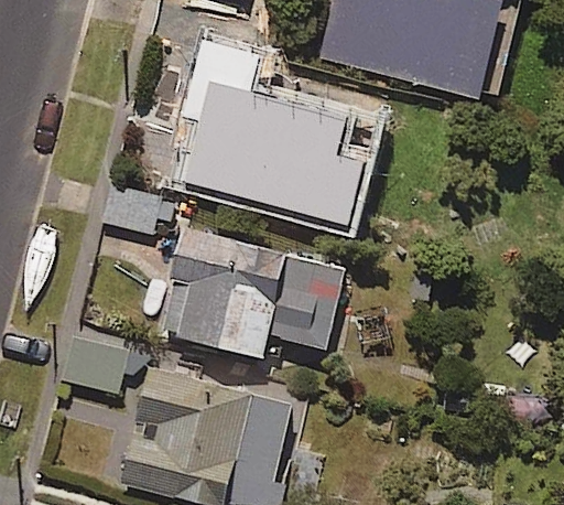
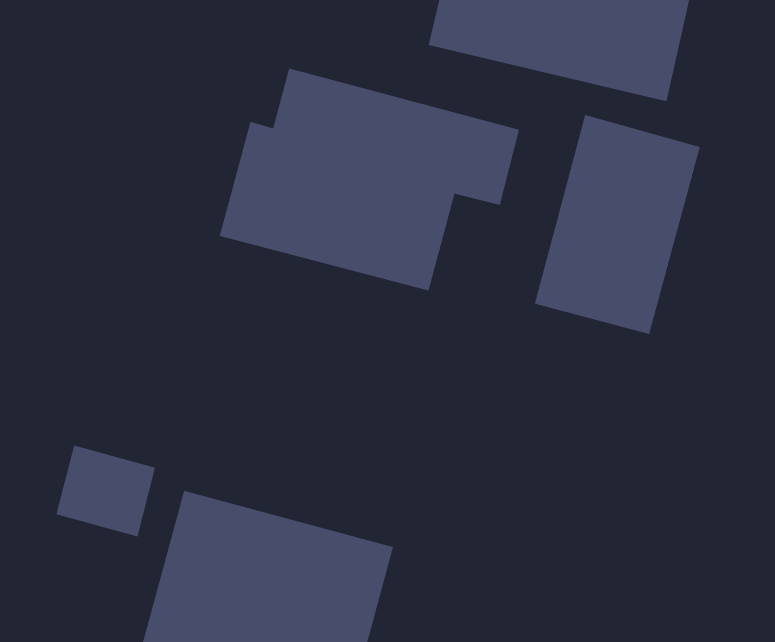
building: none -> [534,114,700,335]
building: [158,227,346,357] -> none

